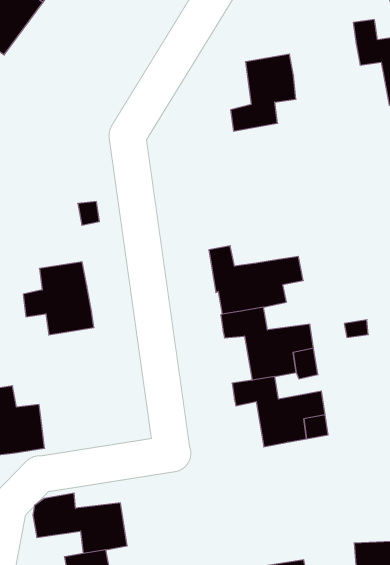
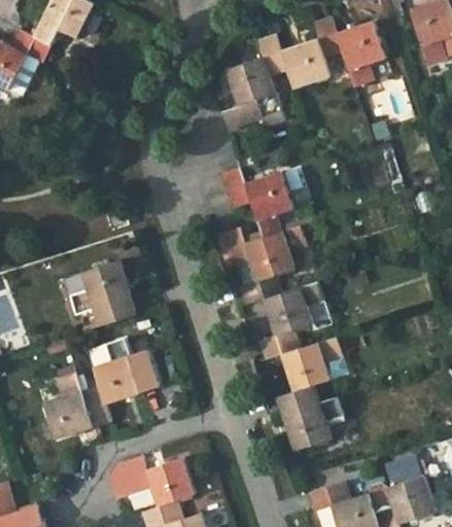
building: none -> [257,36,329,89]
building: none -> [221,167,291,239]
building: none -> [93,340,158,403]
building: none -> [276,385,341,451]

